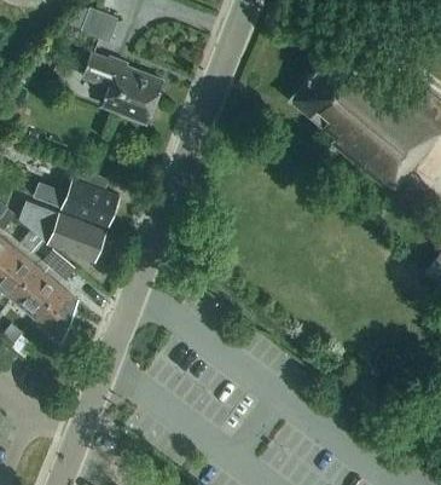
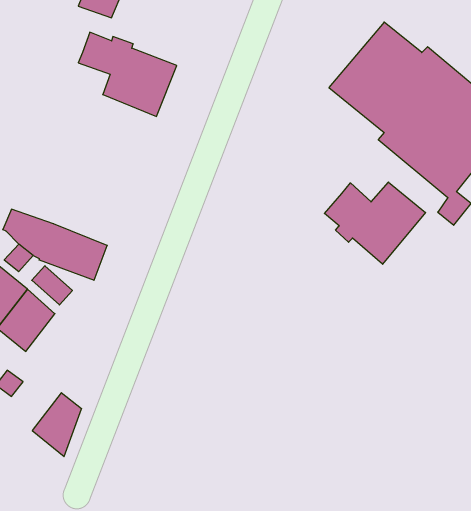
building: [34,168,118,226] -> none
building: none -> [324,182,426,264]
building: [37,289,79,342] -> [32,393,82,457]

